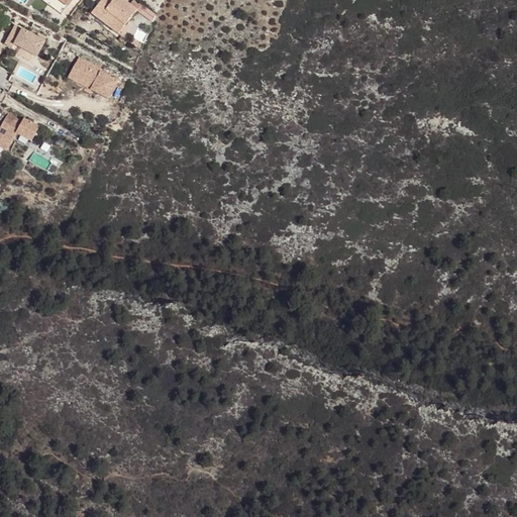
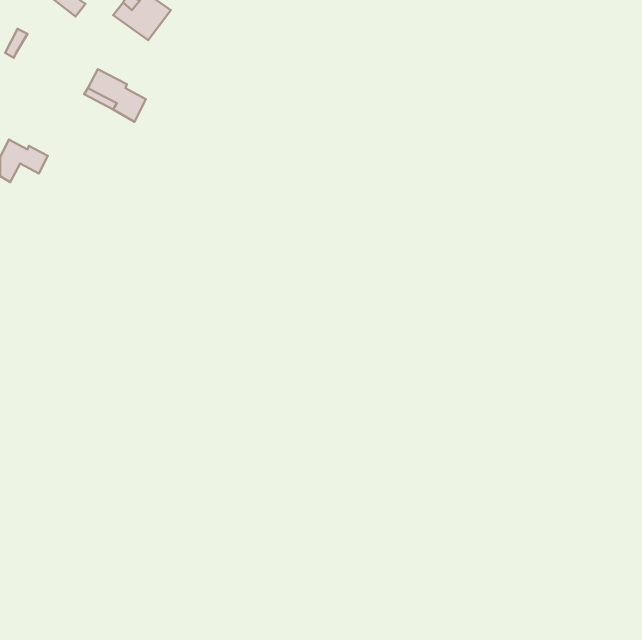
building: [13,27,43,55] -> none

